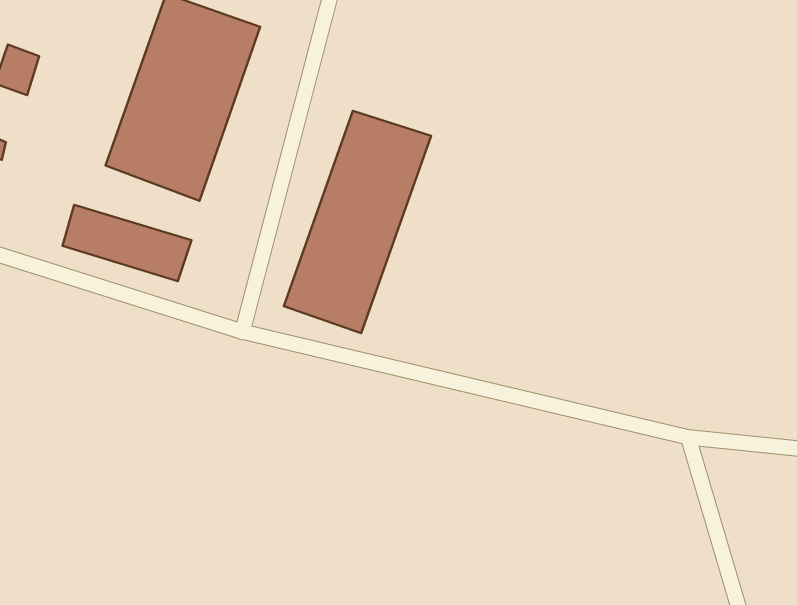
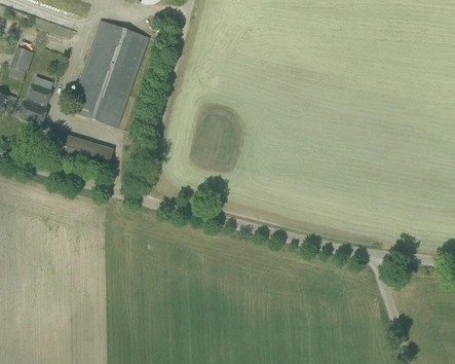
building: [284,111,431,333] -> none
building: none -> [20,80,53,121]

